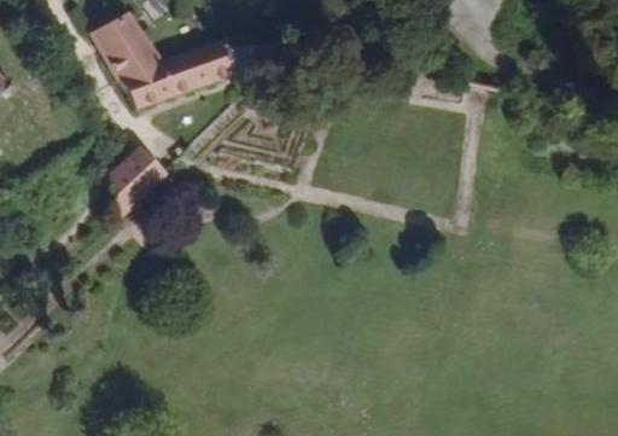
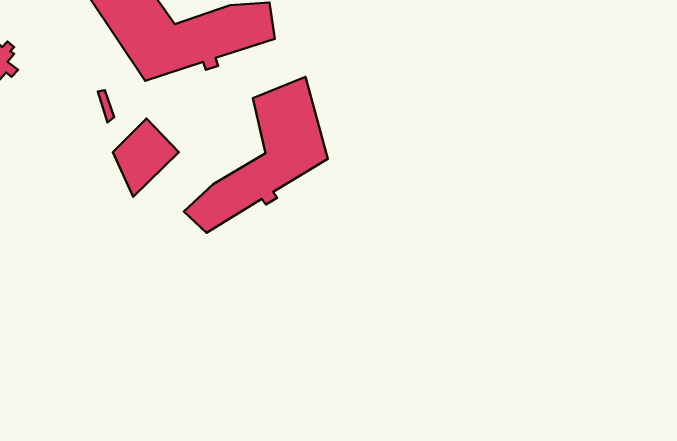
building: none -> [184,77,328,233]

